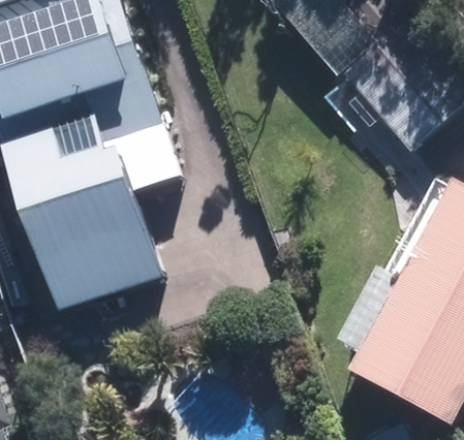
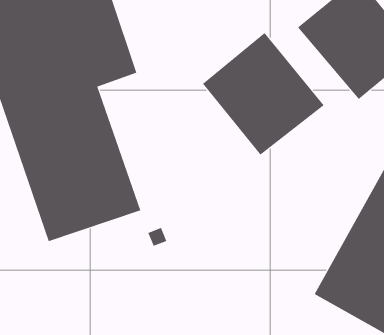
building: none -> [202,32,325,156]

